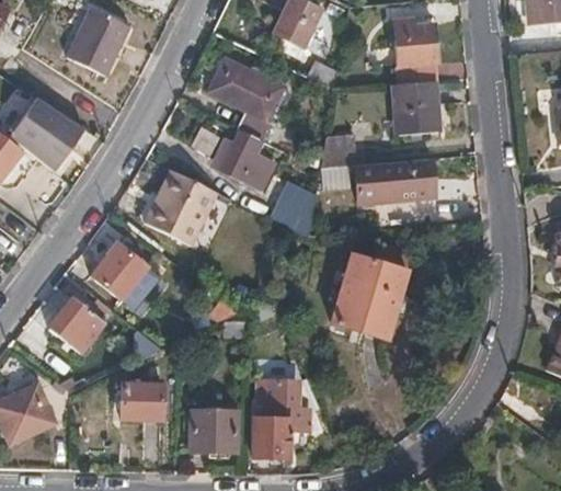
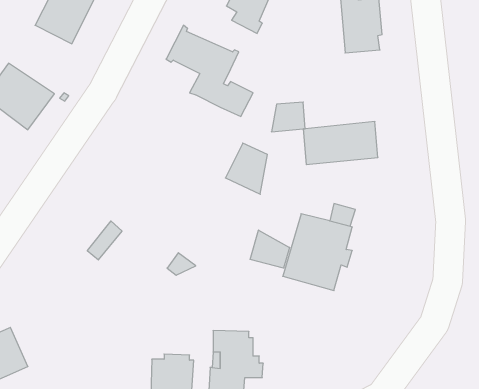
building: [391,81,439,137] -> none
building: [218,129,274,184] -> none
building: [144,170,217,244] -> none
building: [91,240,147,296] -> none
building: none -> [250,230,290,268]
building: [48,295,104,352] -> none
building: [122,381,162,420] -> none

